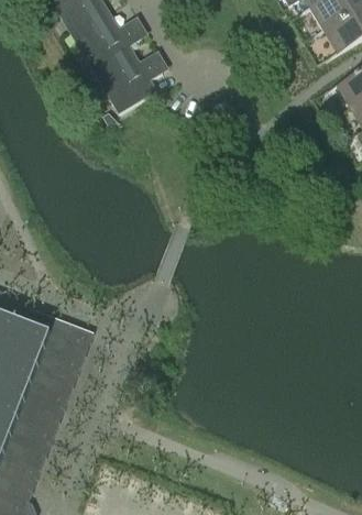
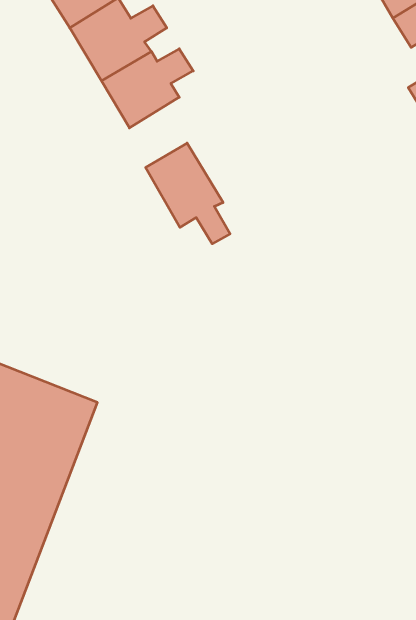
building: none -> [146,143,230,244]

